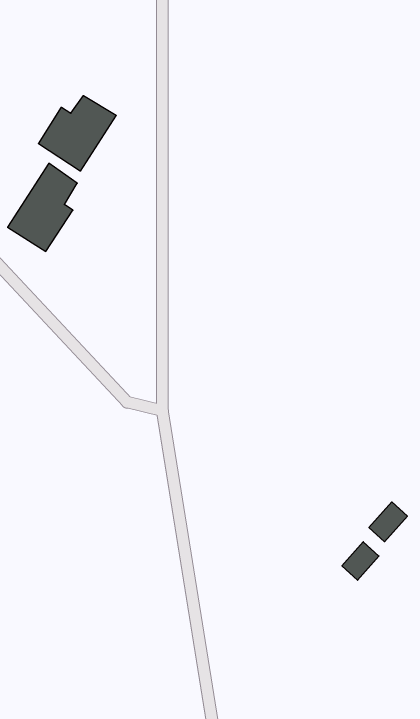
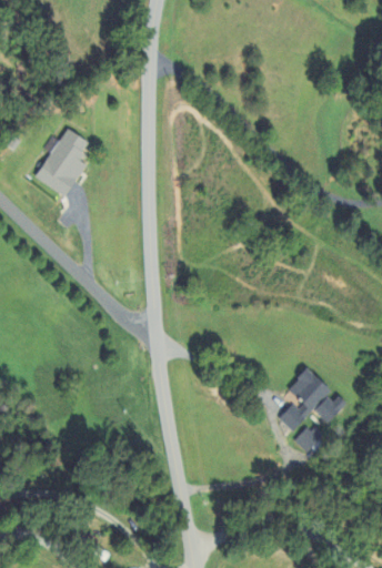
building: [38,96,116,171] -> none
building: none -> [280,367,332,430]

